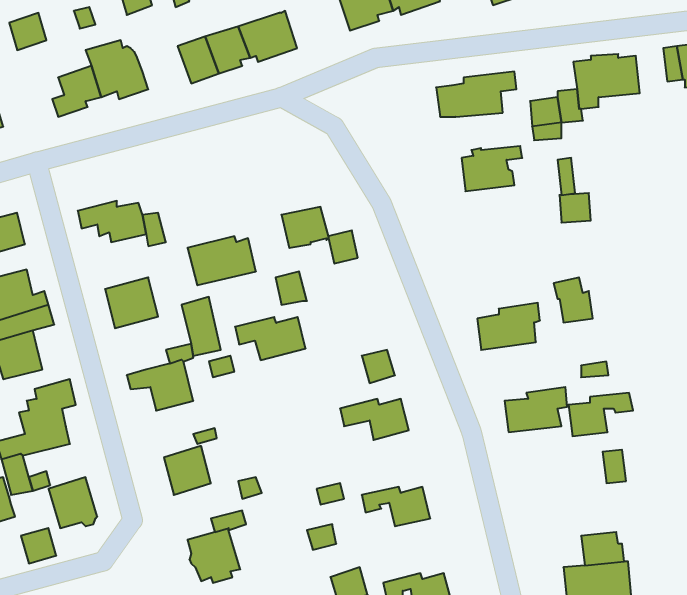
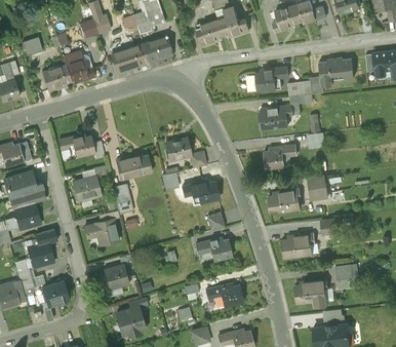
building: none -> [264,145,296,168]
building: [235,317,306,360] -> [182,181,219,203]
building: [568,393,633,436] -> [294,278,328,301]

